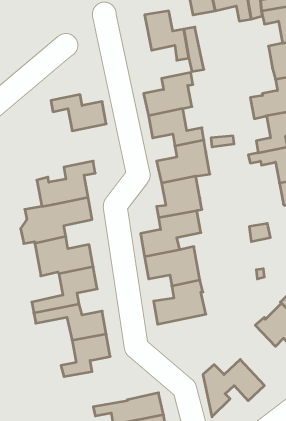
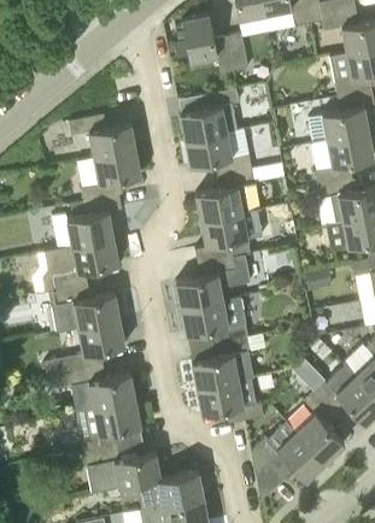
building: none -> [76,151,141,202]
building: none -> [197,378,263,424]
building: none -> [295,392,345,464]
building: none -> [84,447,160,493]

